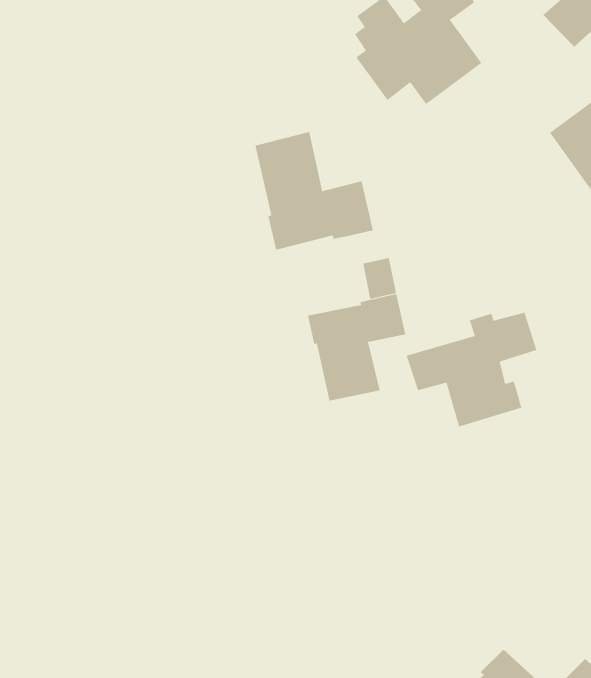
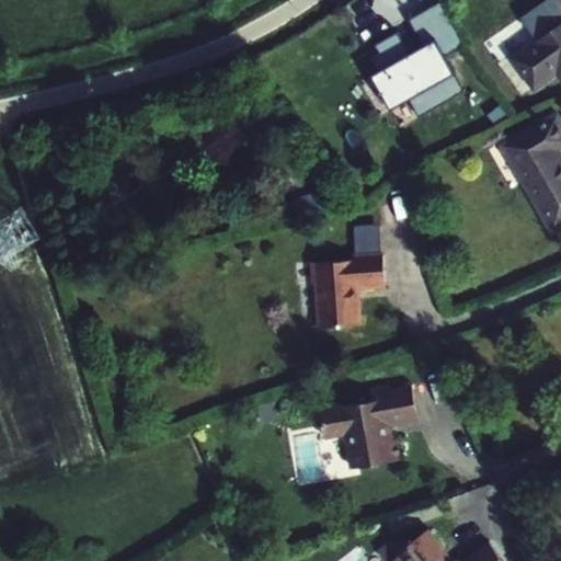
building: [255,131,374,251] -> none
building: [406,312,537,427] -> [318,389,416,471]

